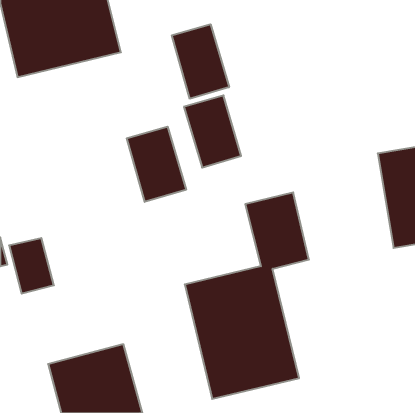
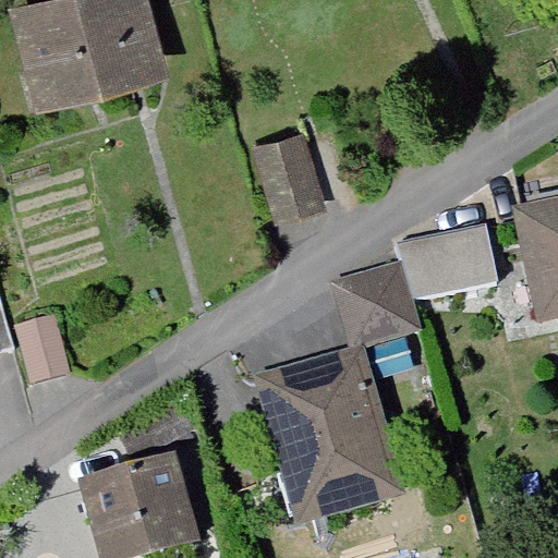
building: [172,24,229,99] -> none
building: [127,127,186,202] -> none
building: none -> [402,229,495,301]

